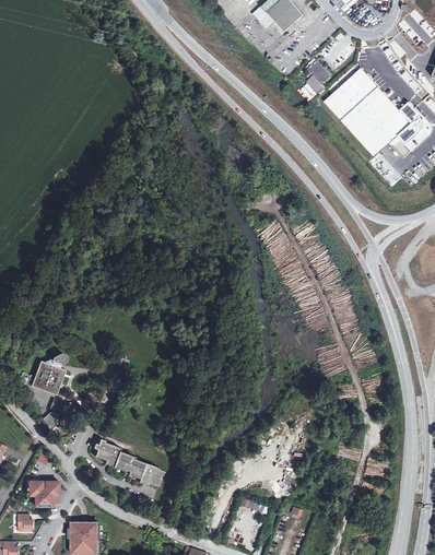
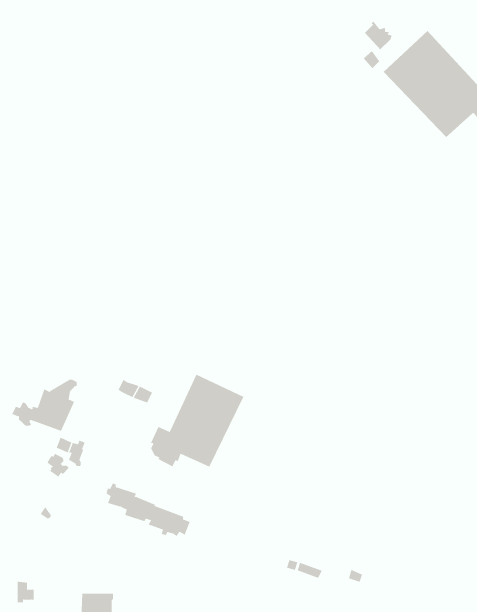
building: none -> [150,374,244,468]
building: [30,480,60,505] -> none

